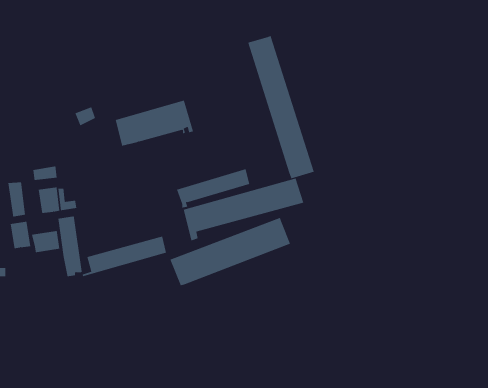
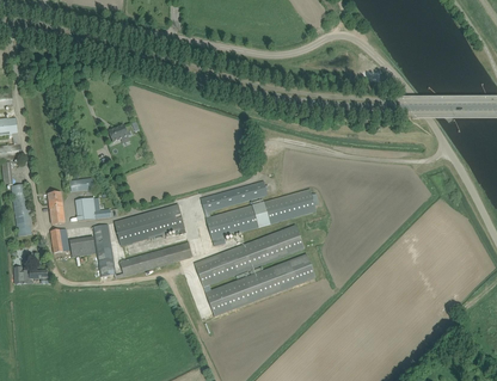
building: [247,35,314,179] -> none
building: [115,100,194,146] -> [115,203,186,245]
building: none -> [205,252,315,315]

